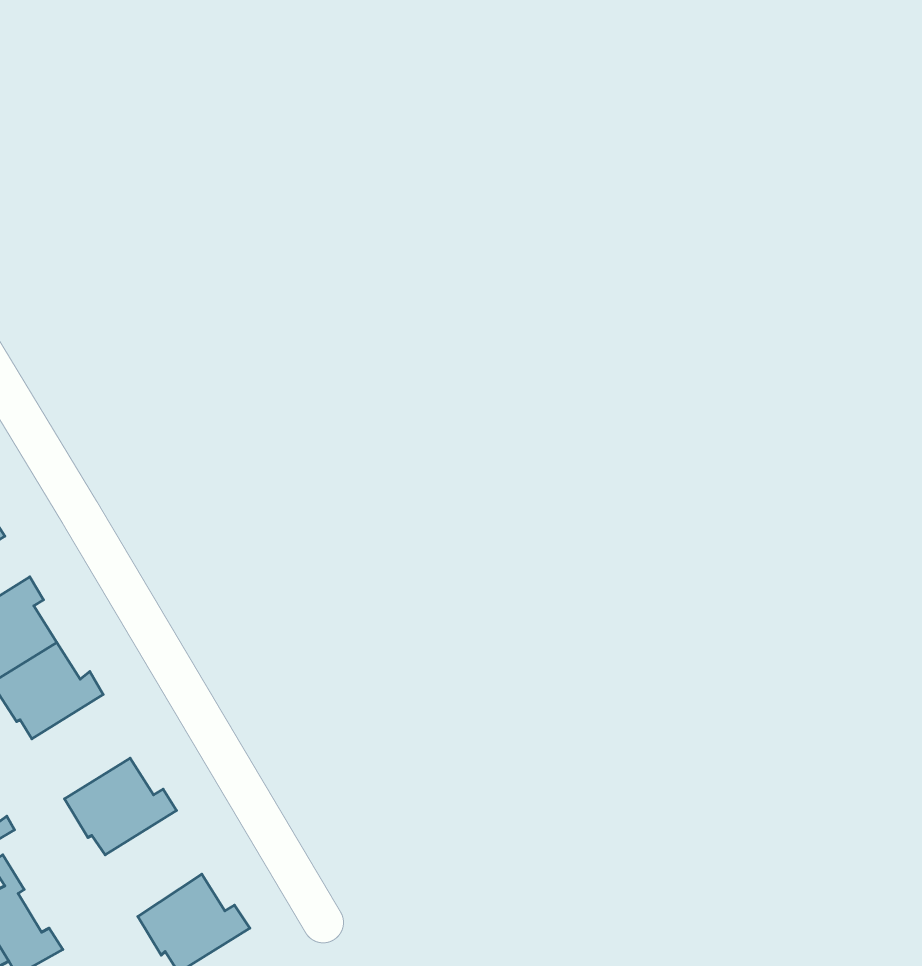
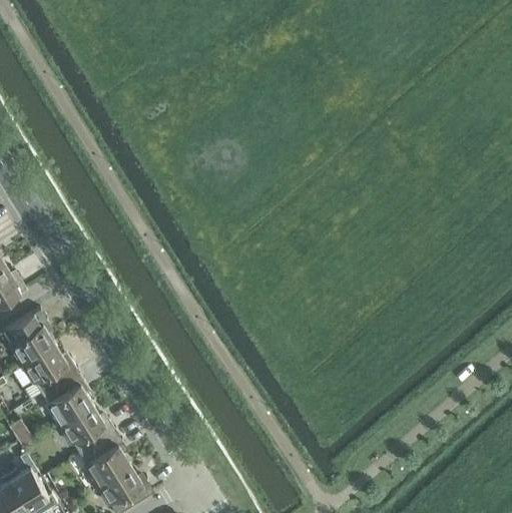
building: none -> [41,370,92,424]
building: none -> [79,430,129,485]

